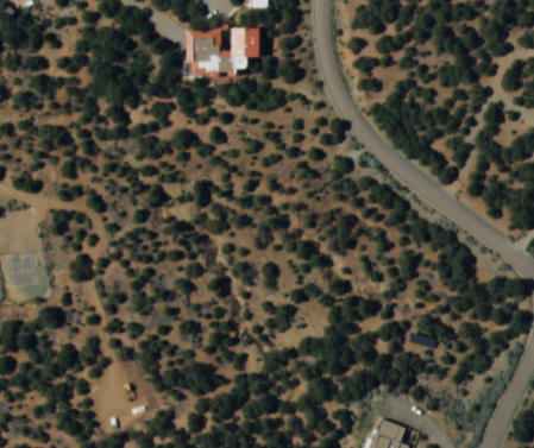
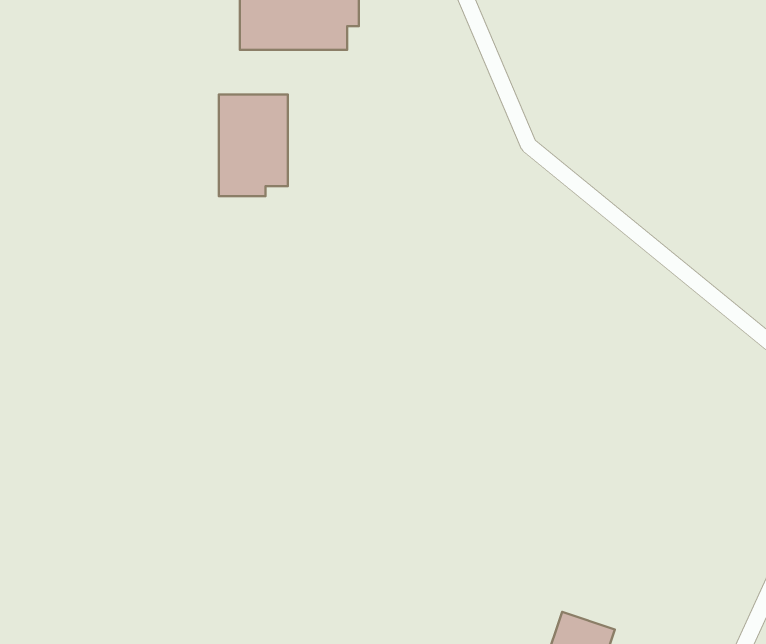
building: none -> [219,95,288,196]

